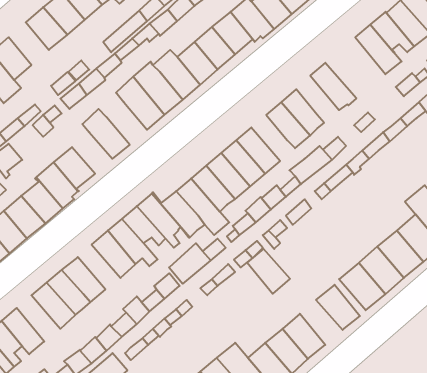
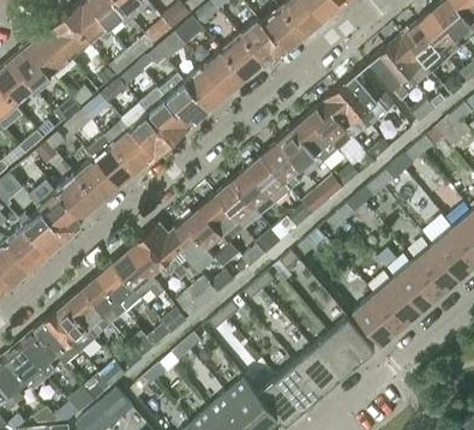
building: none -> [10,46,52,90]
building: none -> [338,74,394,125]
building: none -> [308,101,353,150]
building: none -> [103,120,154,173]
building: none -> [262,142,299,190]
building: none -> [76,160,118,203]
building: none -> [82,276,126,323]
building: [247,249,290,294] -> [312,334,356,381]
building: none -> [18,329,56,377]

